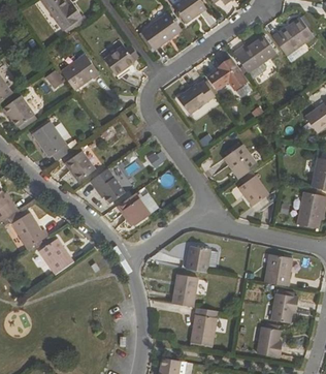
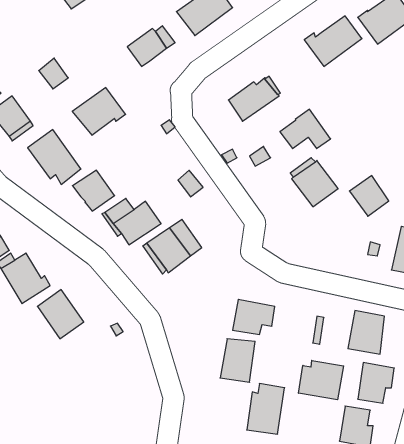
building: [60,55,99,90] -> [72,88,126,135]
building: [209,61,247,90] -> [280,109,331,149]
building: [240,175,269,205] -> [349,176,389,216]
building: none -> [299,360,344,400]

